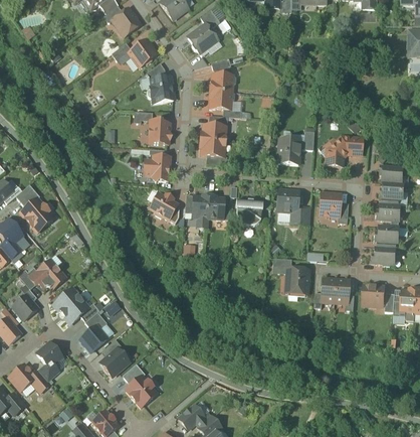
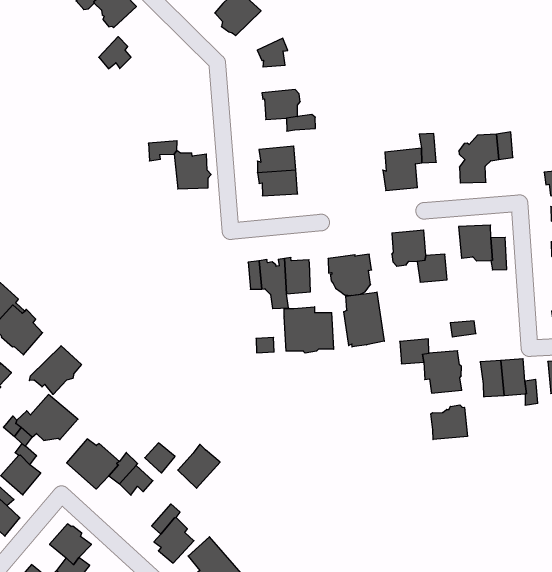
building: [129,39,157,66] -> none
building: [146,62,174,103] -> none
building: [210,75,235,92] -> none
building: [146,156,170,183] -> none
building: [149,193,178,221] -> none
building: none -> [344,292,384,347]
building: none -> [284,307,334,353]
building: none -> [29,346,81,394]
building: none -> [431,405,467,440]
building: [80,325,108,352] -> [178,444,220,488]

